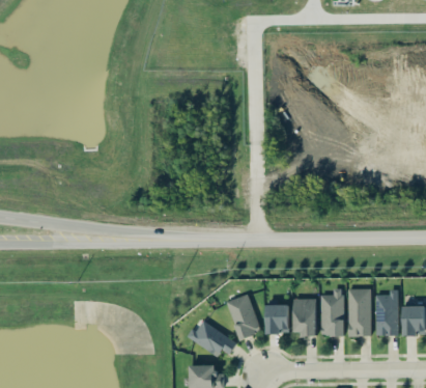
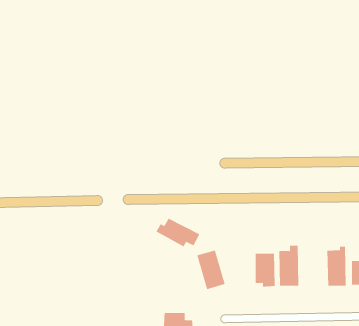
building: [347,287,371,336] -> none
building: [266,304,289,333] -> none
building: [187,322,237,355] -> [156,218,200,247]

